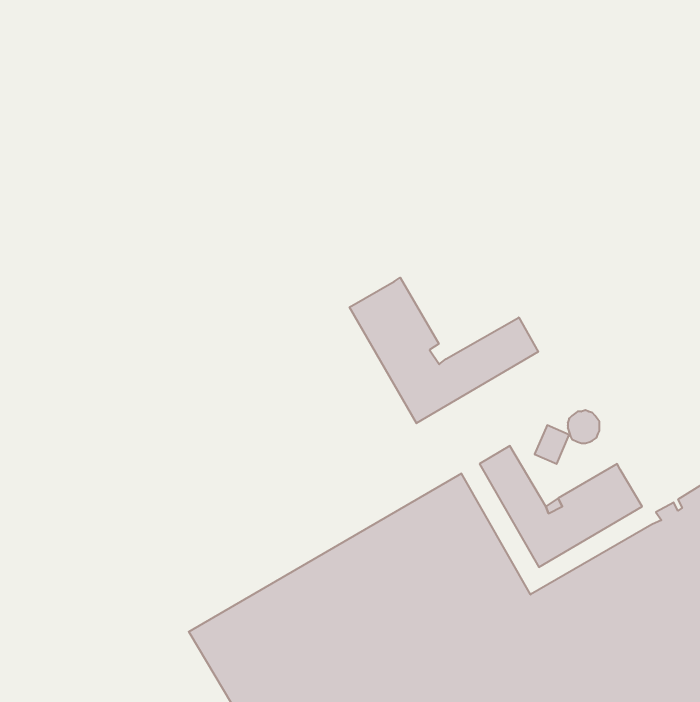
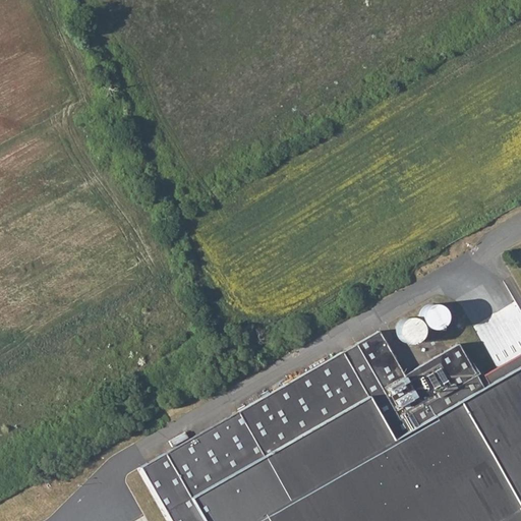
building: [350,278,538,423] -> none
building: none -> [344,344,484,441]

